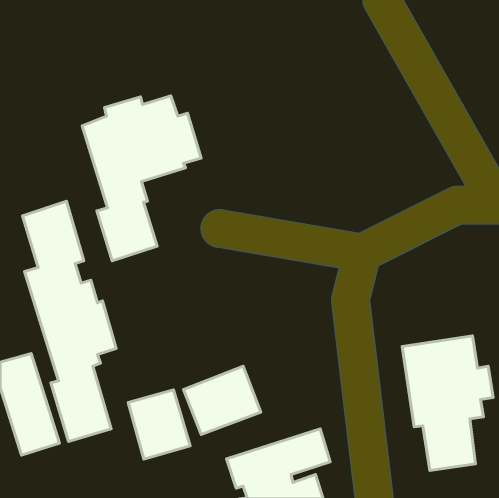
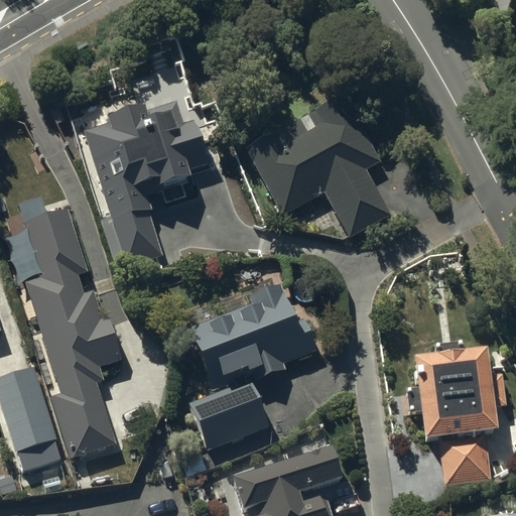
building: none -> [245,94,390,238]
building: none -> [189,282,315,390]
building: [128,390,190,459] -> none

